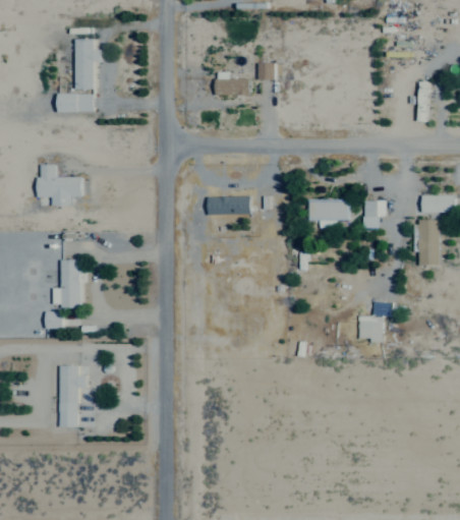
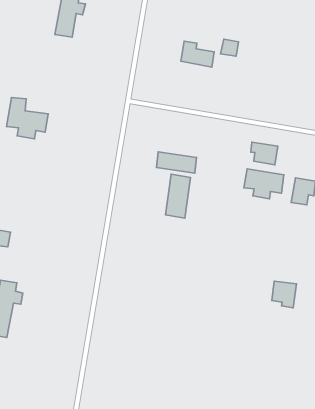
building: [59,94,96,112] -> none
building: none -> [251,142,278,165]
building: none -> [165,174,191,218]
building: [61,259,81,307] -> none

